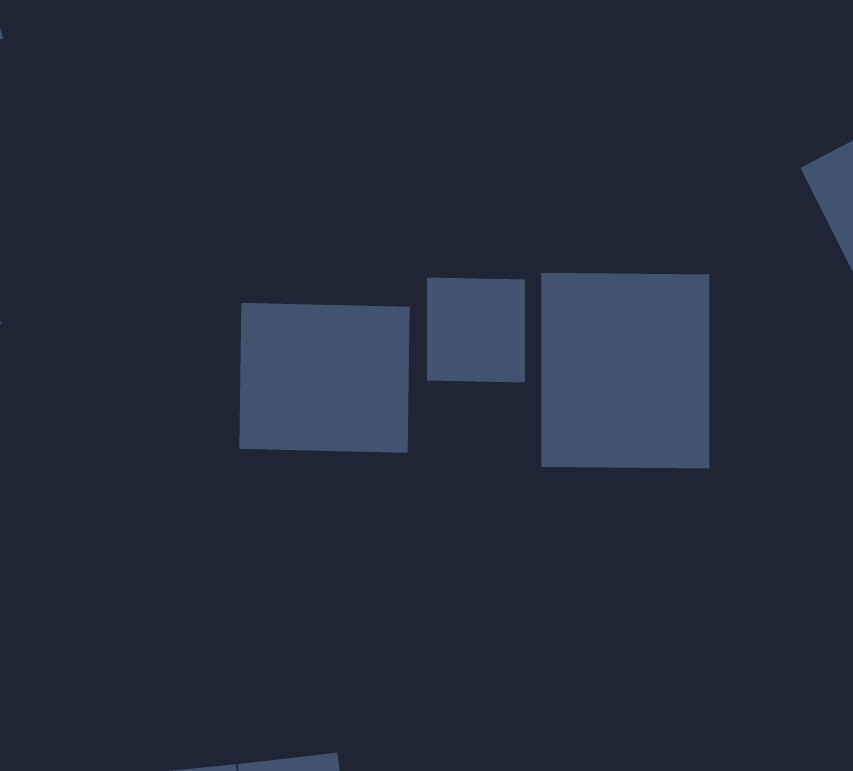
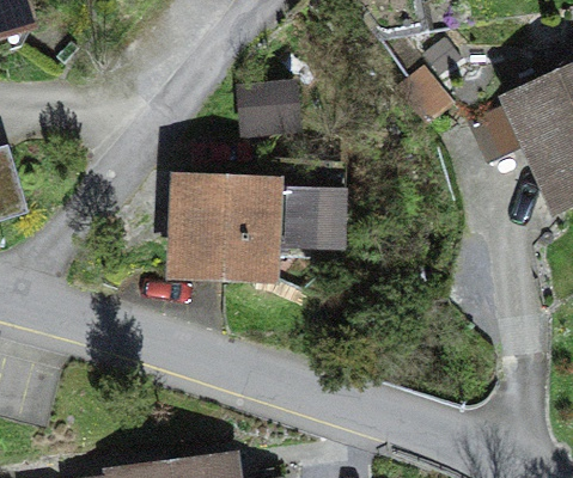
building: [541,272,710,469] -> none

